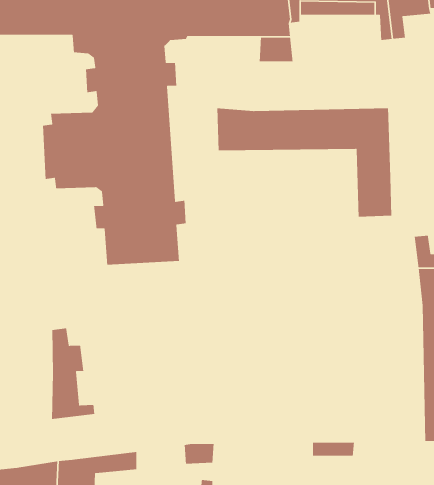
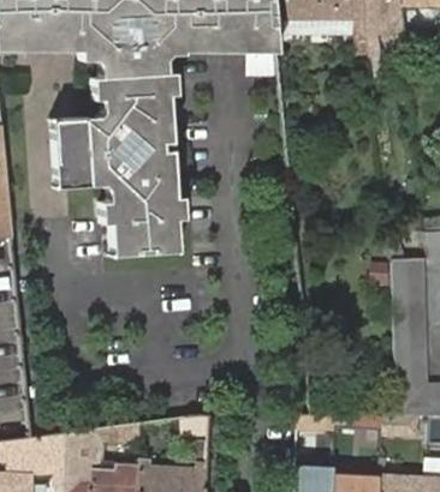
building: [217,107,392,218] -> none
building: [51,327,95,420] -> none

